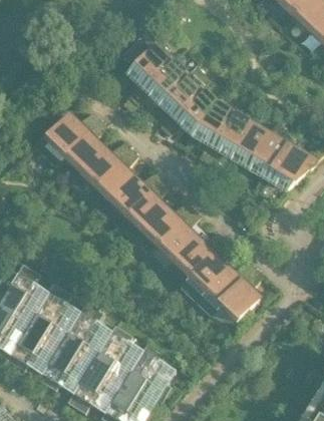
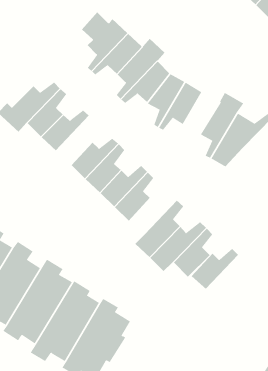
building: [229,121,268,181] -> none
building: [92,146,135,199] -> none
building: [171,230,222,274] -> [191,248,239,289]

